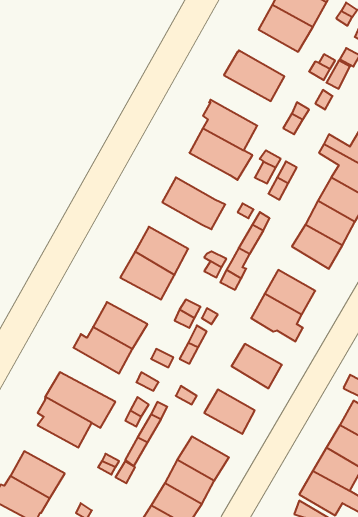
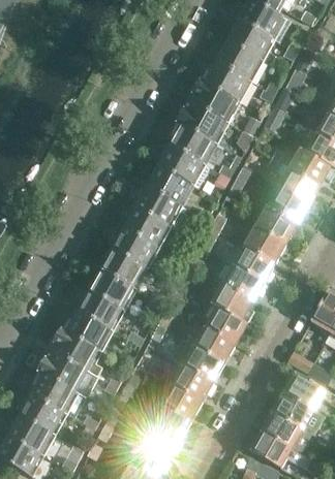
building: none -> [201,61,250,100]
building: none -> [177,99,227,141]
building: none -> [148,164,193,203]
building: none -> [125,205,170,245]
building: none -> [234,243,276,280]
building: none -> [90,268,135,308]
building: none -> [206,306,248,342]
building: none -> [51,327,102,373]
building: none -> [183,343,225,380]
building: none -> [161,382,204,419]
building: none -> [21,392,66,433]

